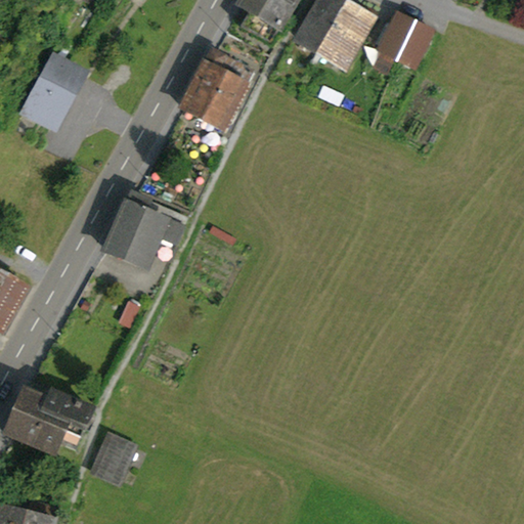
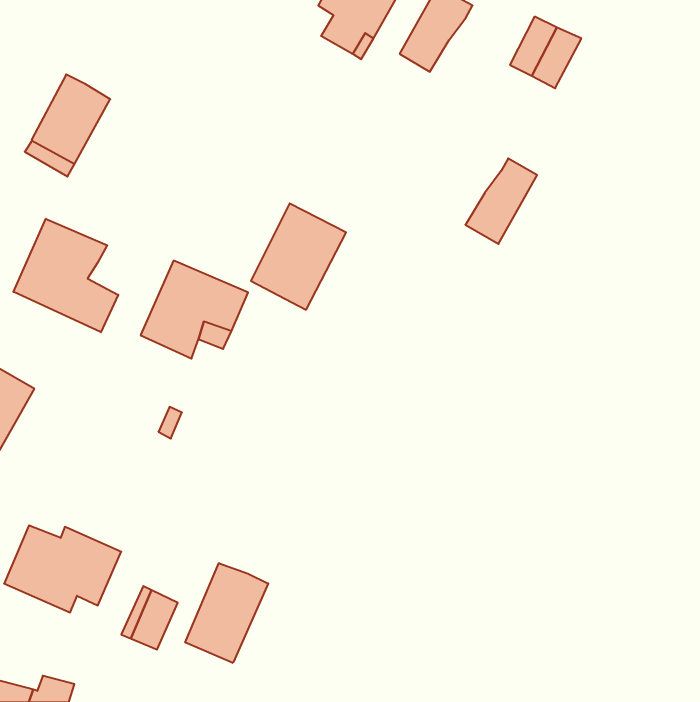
building: [319,4,373,68] -> [465,158,537,244]
building: [180,50,251,129] -> [251,203,346,310]
building: none -> [13,219,118,332]
building: none -> [185,563,268,663]

